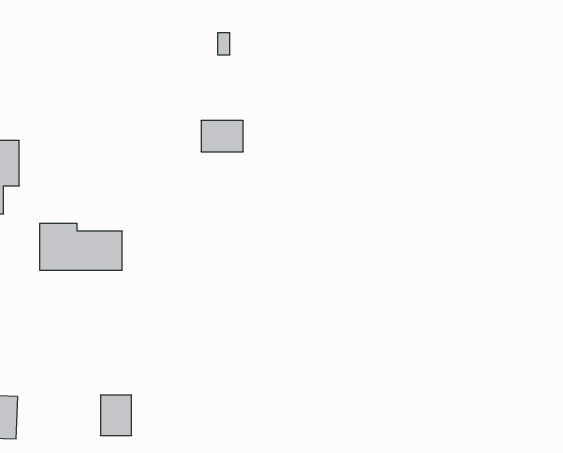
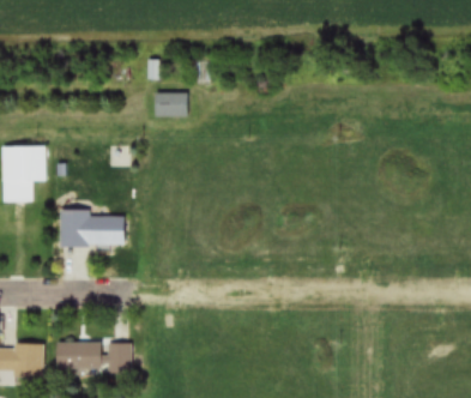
building: [201,121,243,152] -> [155,92,187,116]
building: none -> [55,340,102,367]

